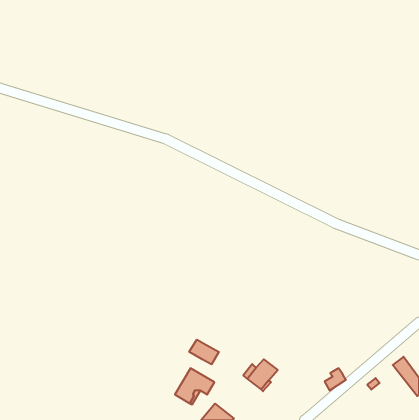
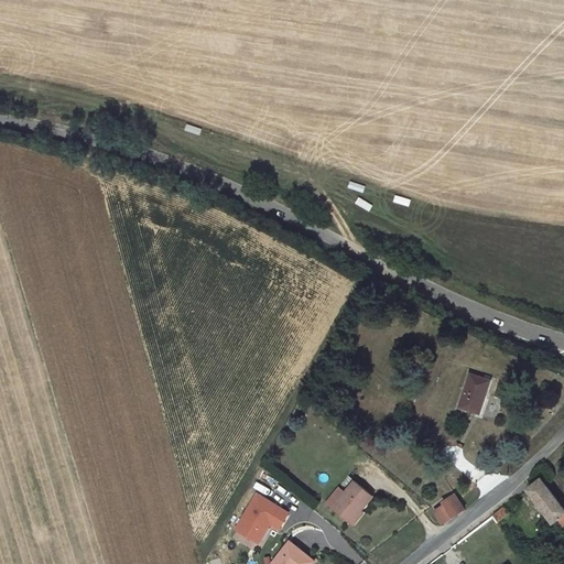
building: none -> [458,373,490,412]
building: [189,340,219,364] -> none

